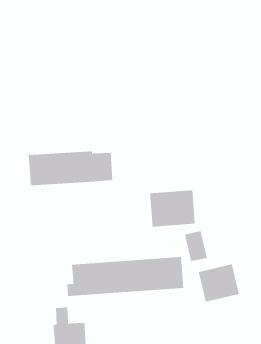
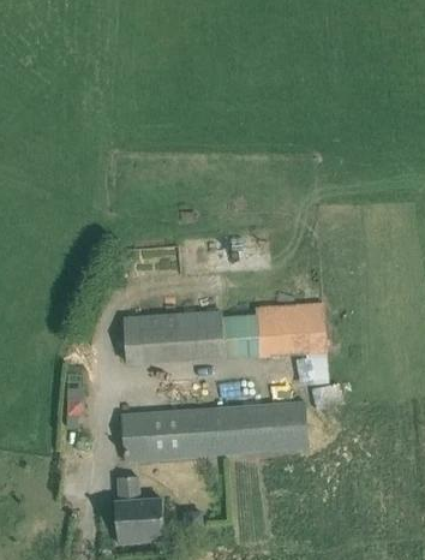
building: [28,151,113,186] -> [122,311,249,363]
building: [198,263,240,302] -> none

